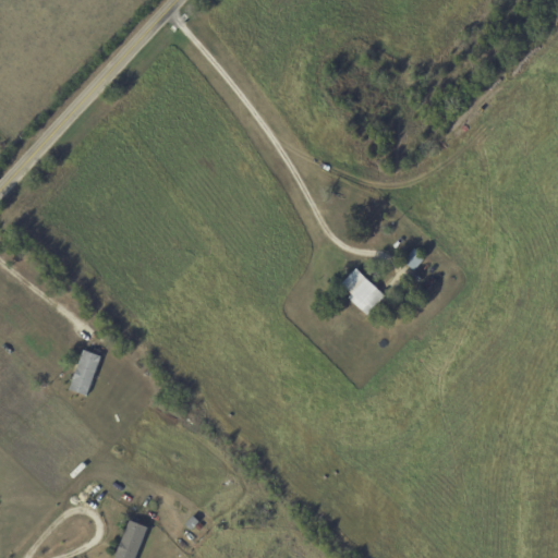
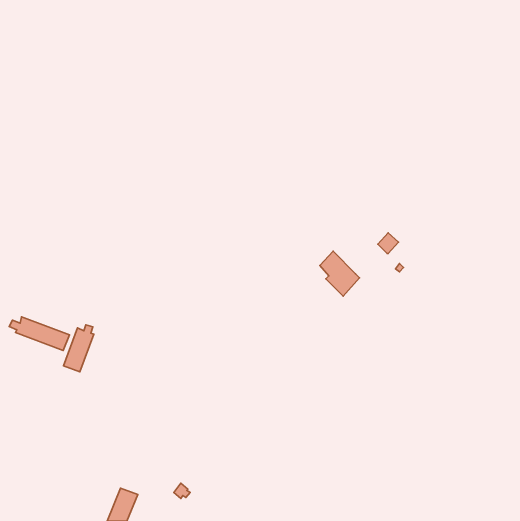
building: none -> [9,317,69,351]

